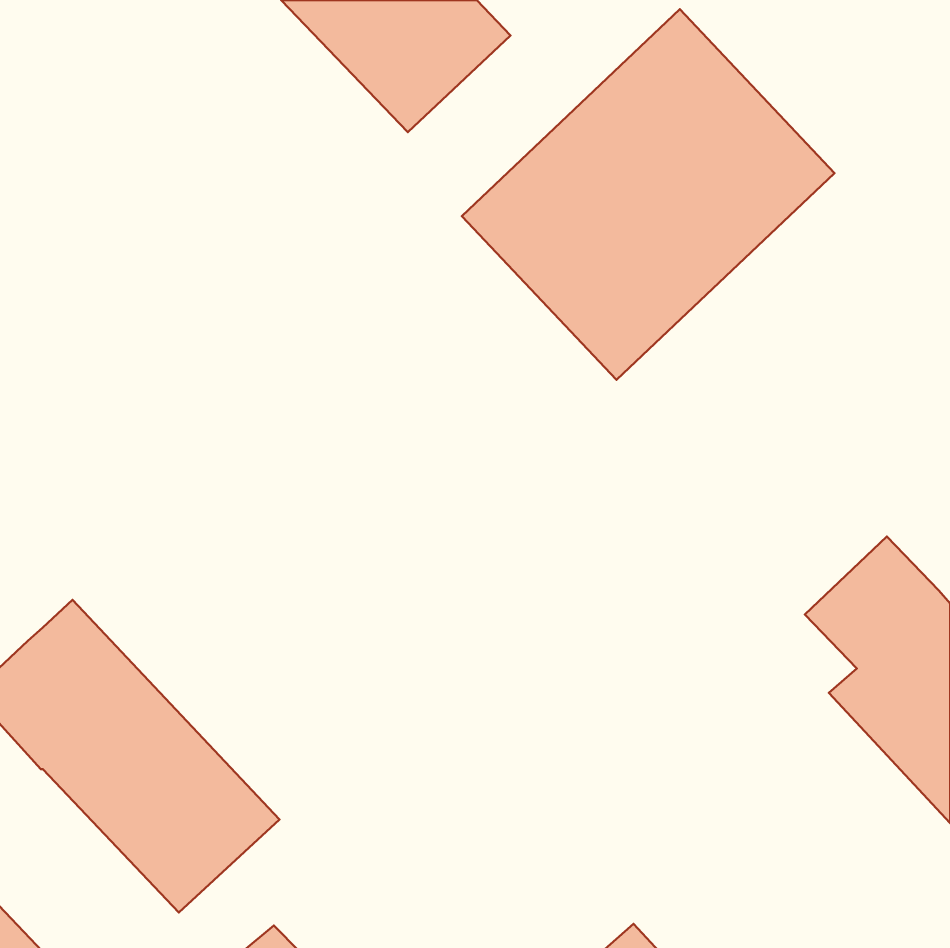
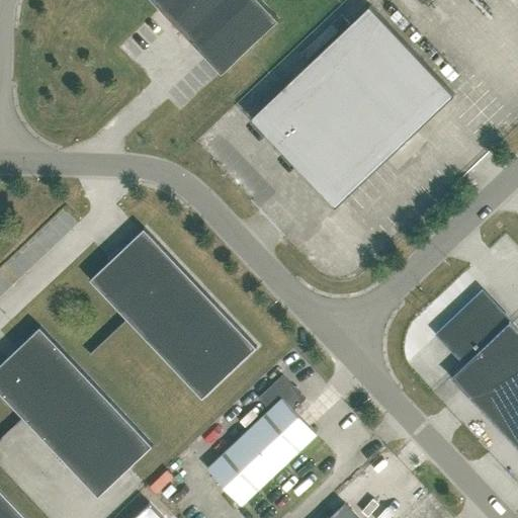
building: none -> [88,230,256,400]
building: none -> [206,376,316,506]

